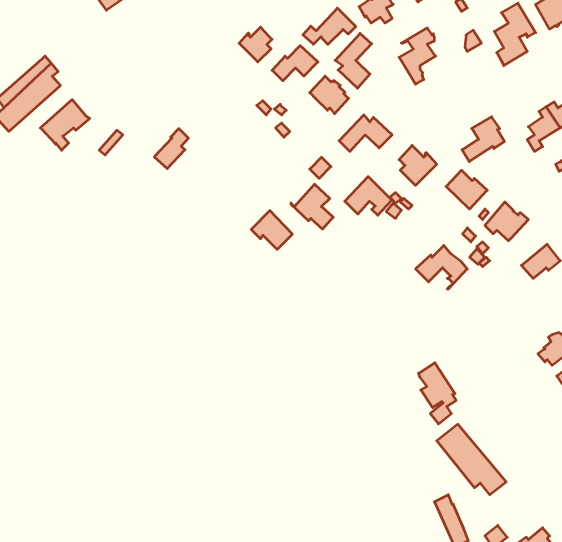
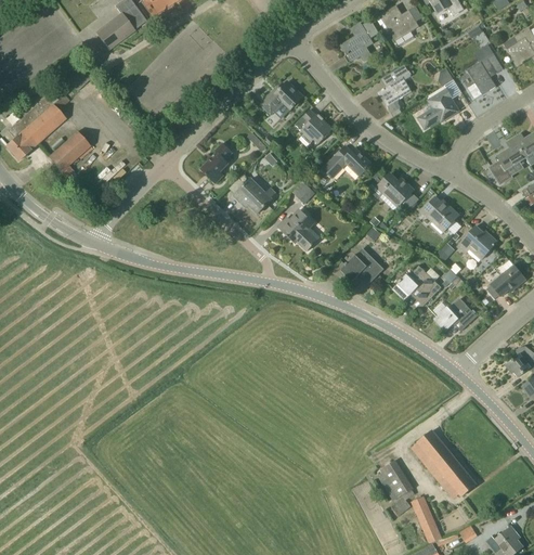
building: [303,8,356,44] -> none
building: [239,27,272,62] -> none
building: [335,33,372,88] -> none
building: [462,117,504,162] -> [419,88,458,129]
building: [154,129,188,169] -> [200,143,232,180]
building: [345,177,392,215] -> [340,247,383,283]
building: [251,211,292,249] -> [234,178,272,214]
building: none -> [434,298,477,332]
building: [418,363,456,424] -> [380,460,415,516]

